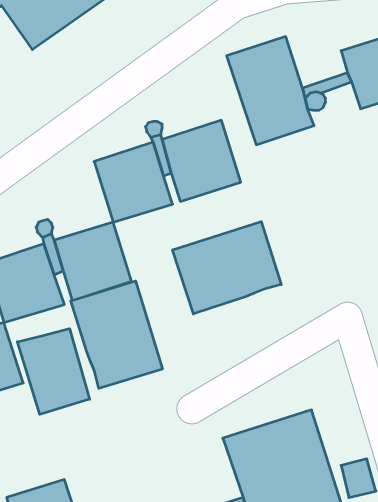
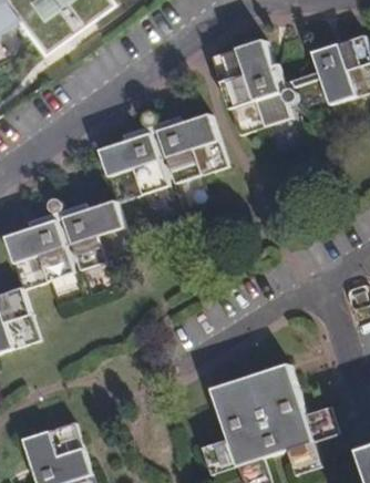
building: [173,222,281,314] -> none
building: [71,281,162,388] -> none
building: [17,329,90,414] -> none

